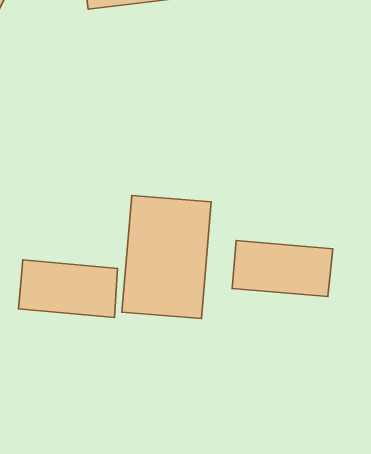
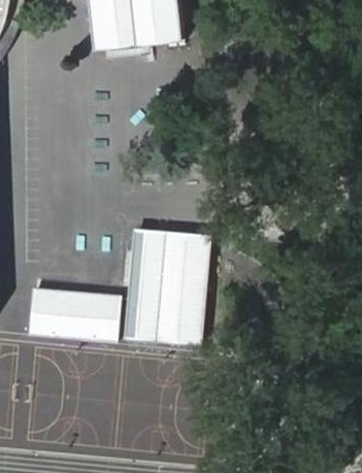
building: [232,241,333,297] -> none

